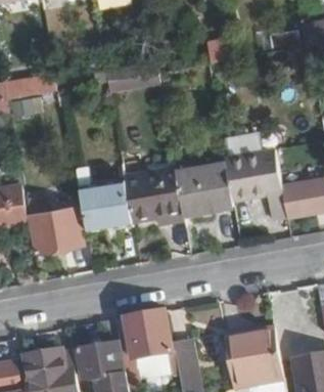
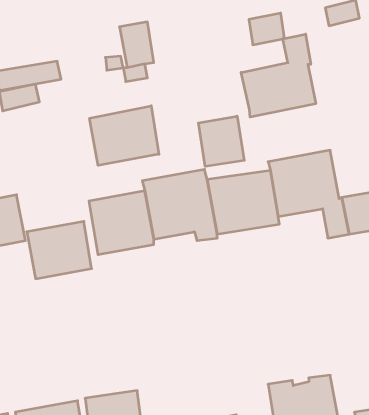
building: none -> [241,34,316,117]
building: none -> [90,106,159,165]
building: none -> [198,116,244,166]
building: [127,310,172,357] -> none

